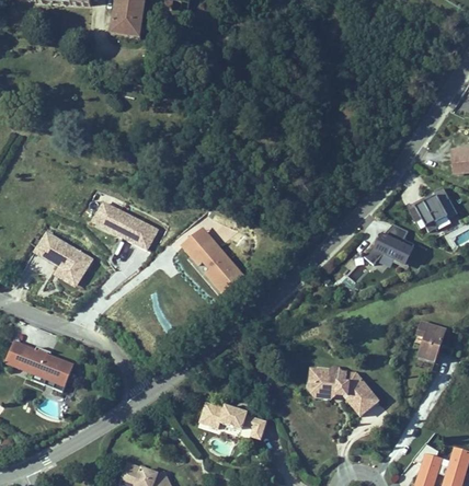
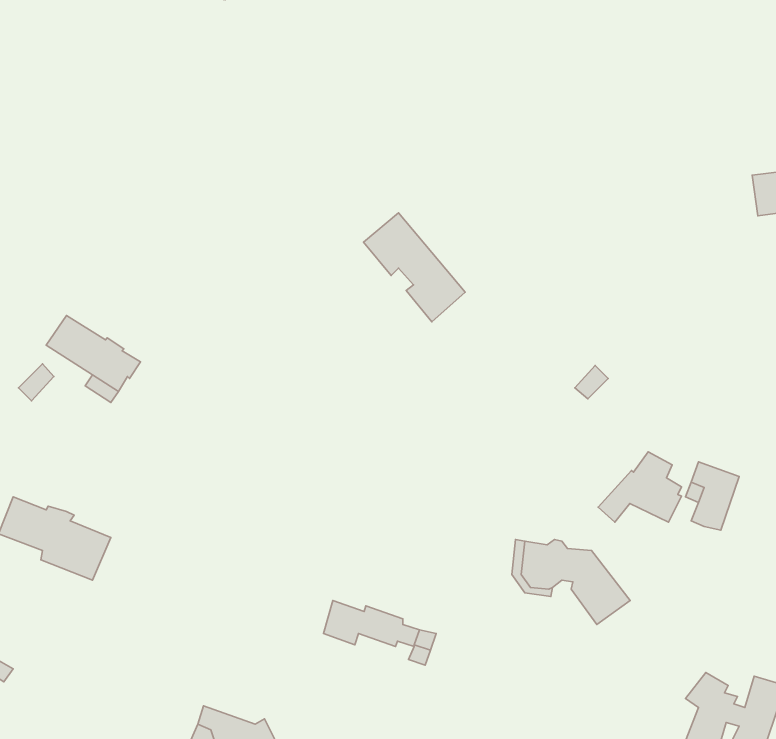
building: [408,188,459,233] -> none
building: [92,202,158,250] -> none
building: [364,222,413,264] -> [598,452,681,522]
building: [181,225,241,290] -> [364,213,465,322]

